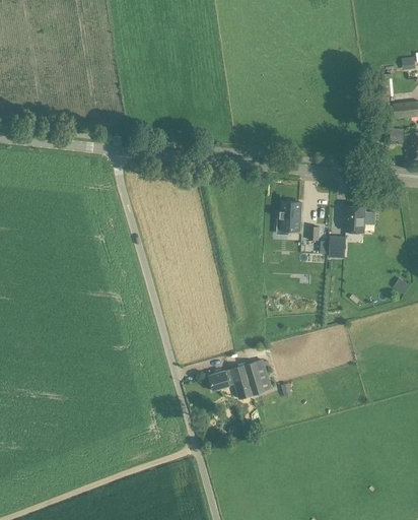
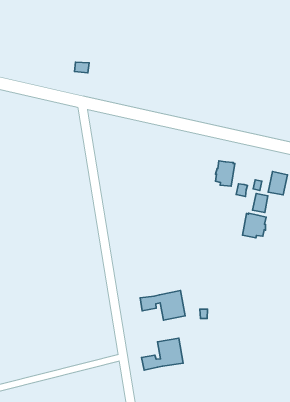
building: none -> [242,213,266,238]
building: none -> [141,338,183,370]

